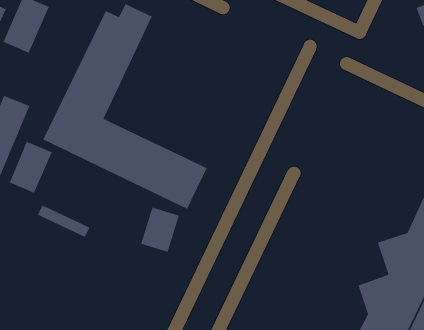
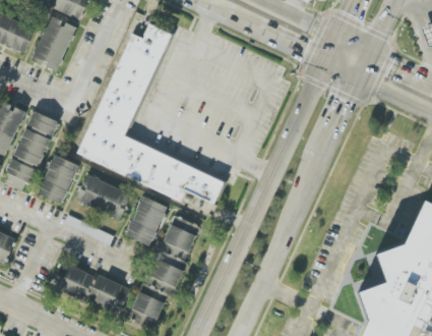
building: none -> [74,175,131,221]
building: none -> [124,197,167,246]
building: none -> [128,258,185,329]
building: none -> [50,263,130,317]

